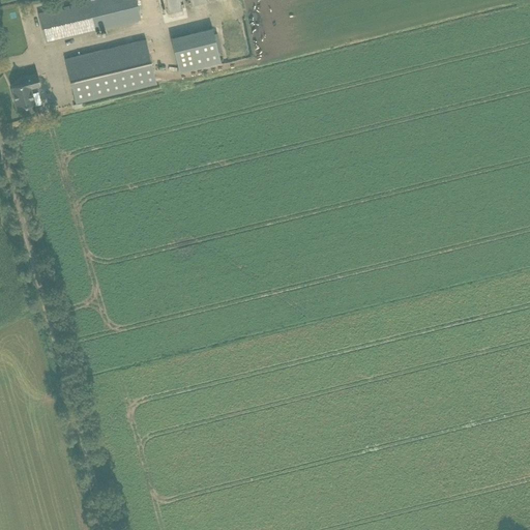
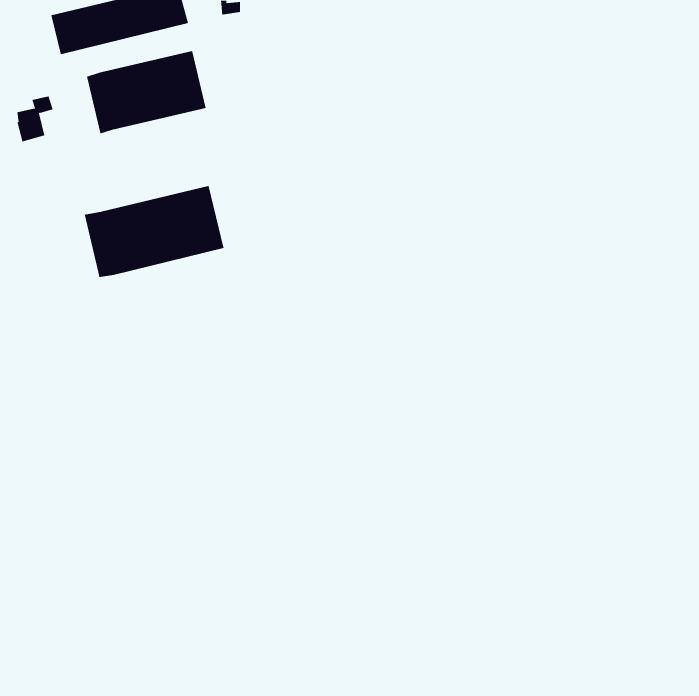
building: [173,29,220,70] -> none
building: none -> [84,185,224,278]

